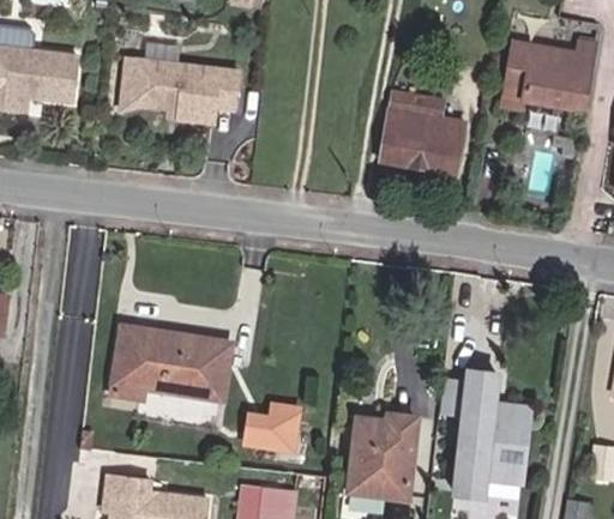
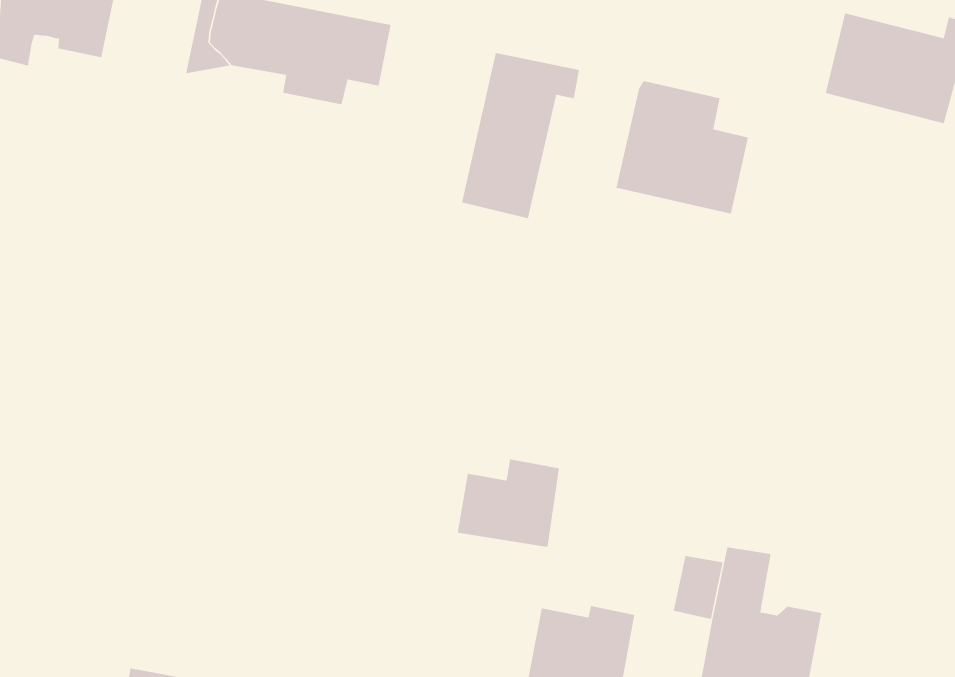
building: none -> [461,52,580,219]
building: [112,328,229,400] -> none
building: [242,400,302,453] -> [457,458,560,548]

